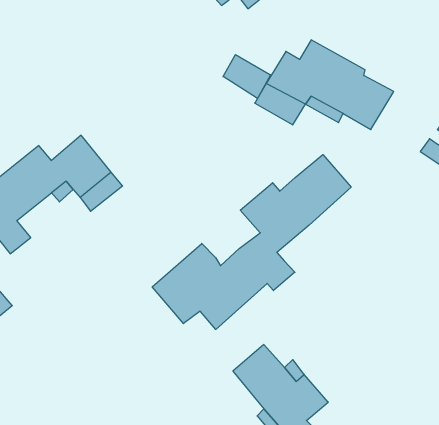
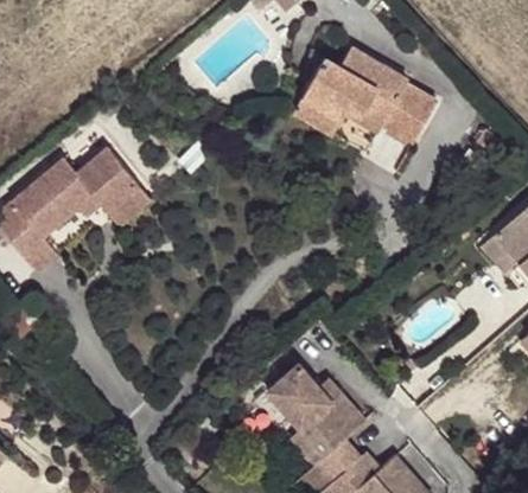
building: [223,55,271,98] -> none
building: [152,155,351,329] -> none

